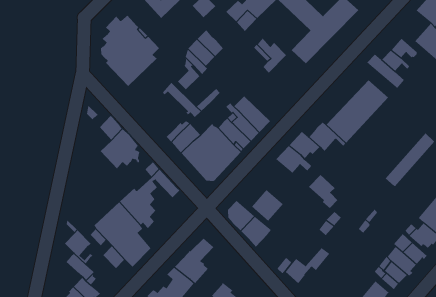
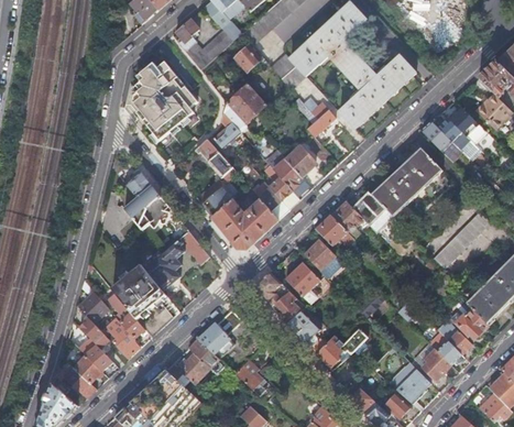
building: none -> [286,145,325,187]
building: [308,174,338,209] -> [305,240,337,278]
building: none -> [287,310,320,342]
building: none -> [101,316,140,357]

